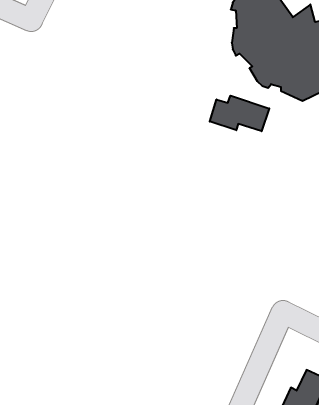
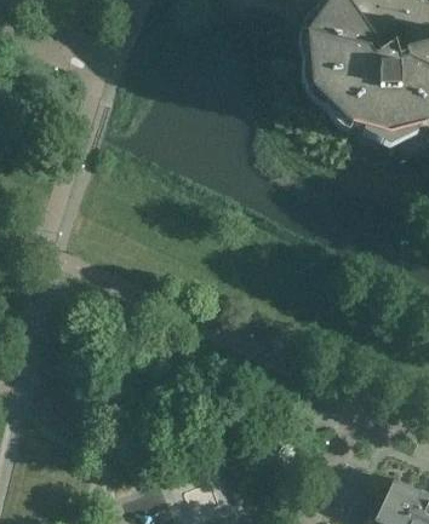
building: [210,96,269,131] -> none

